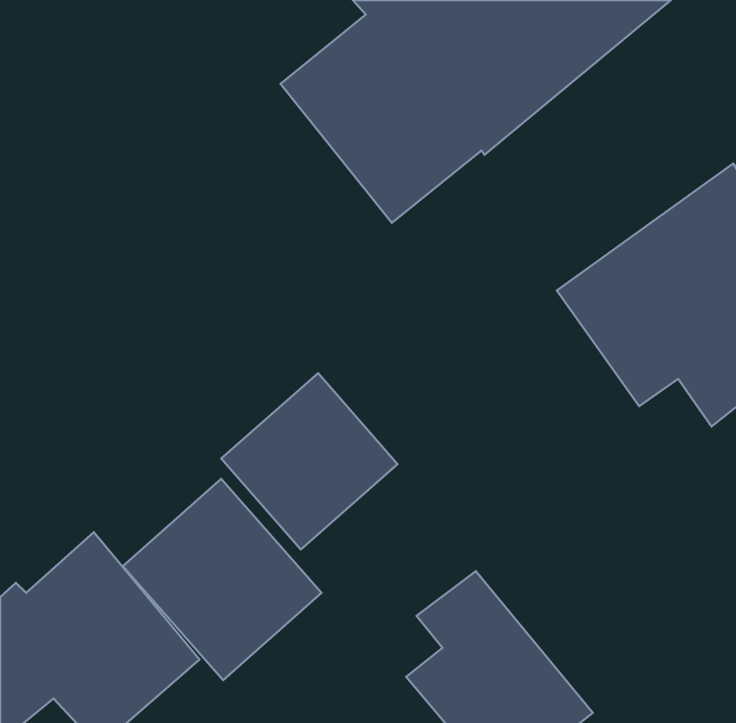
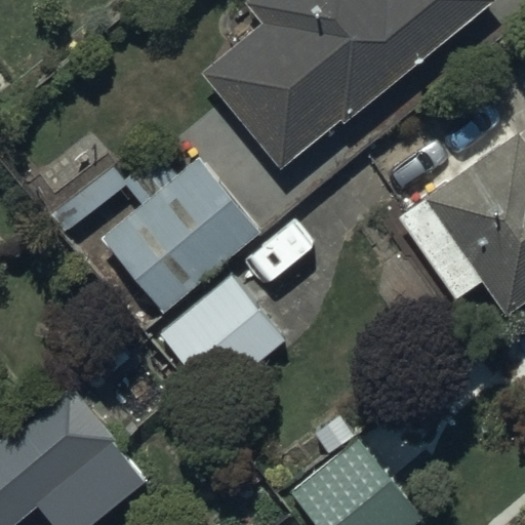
building: none -> [39,145,261,313]
building: [123,479,321,680] -> none

